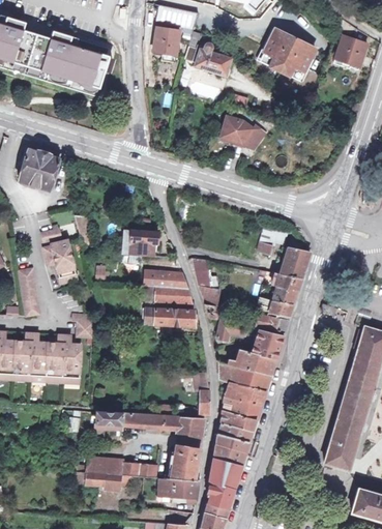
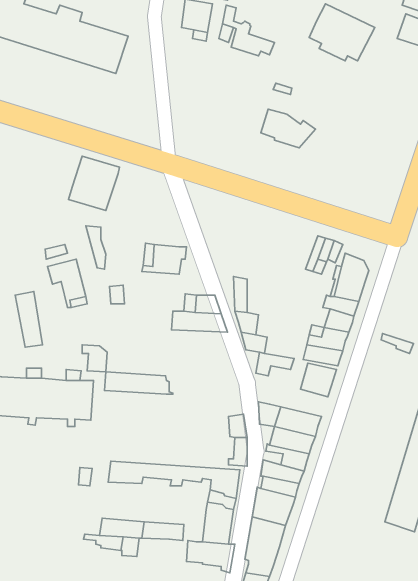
building: [19,144,61,189] -> [68,156,119,211]
building: [143,307,200,326] -> [105,372,173,394]
building: [228,349,276,374] -> none

